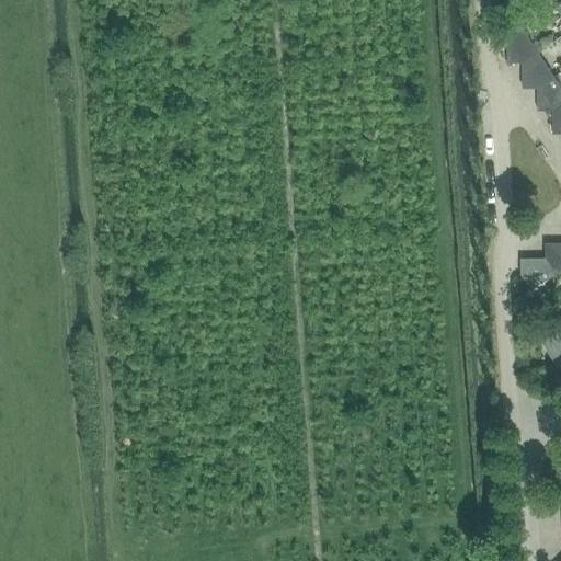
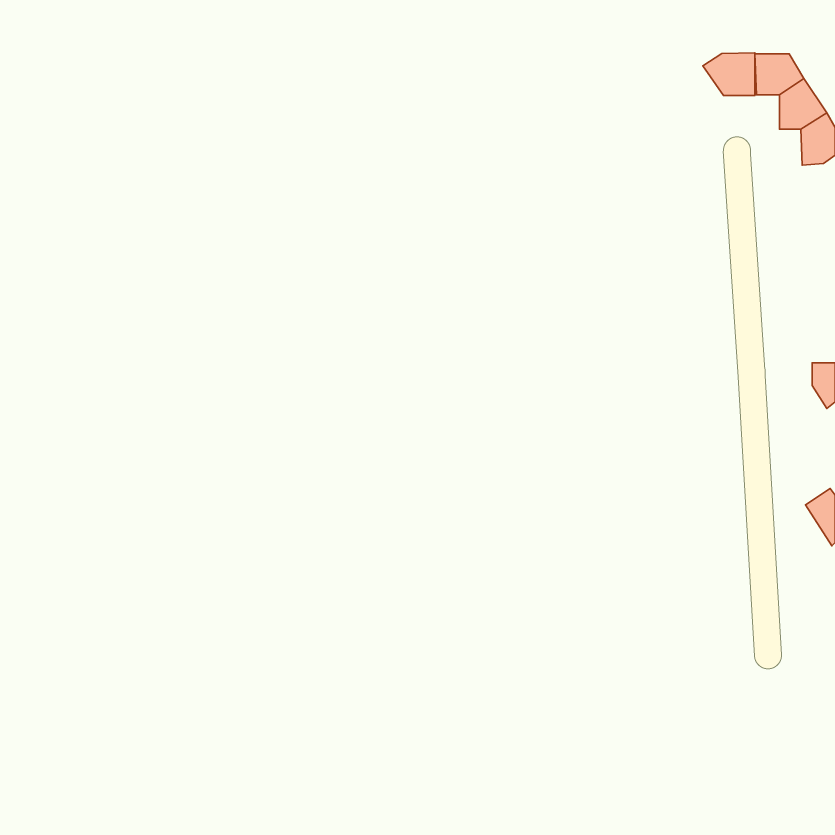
building: none -> [703,53,755,95]
building: [520,259,554,290] -> none

